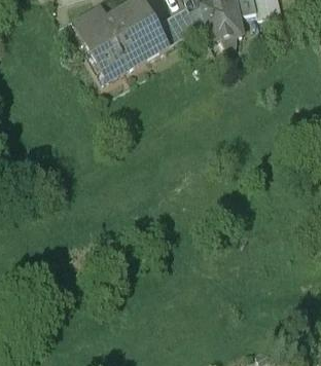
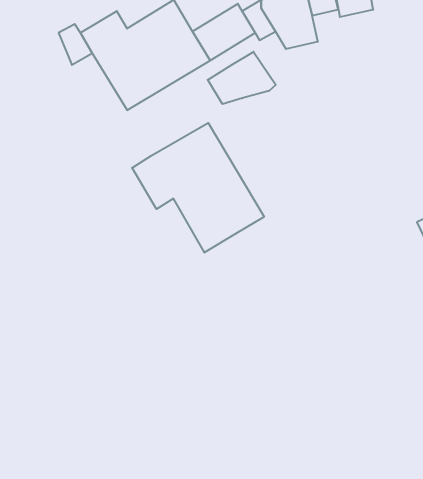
building: none -> [208,52,276,104]
building: none -> [132,123,264,253]

